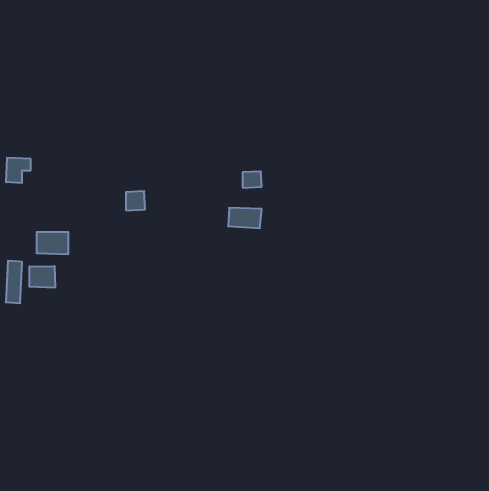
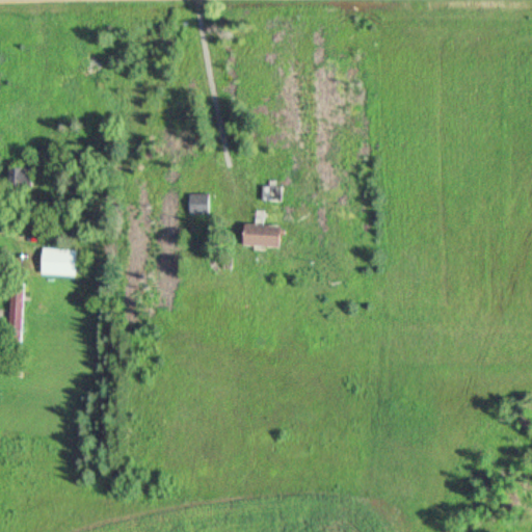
building: [126,191,145,210] -> [188,194,209,215]
building: [29,266,55,288] -> none

